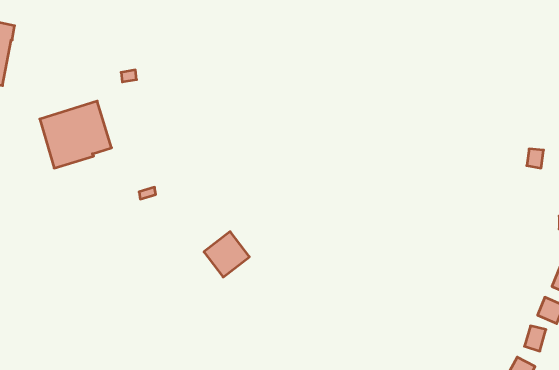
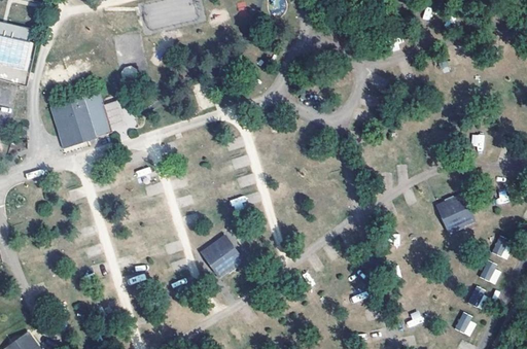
building: none -> [435,193,470,228]
building: [204,232,249,277] -> [203,243,242,282]

